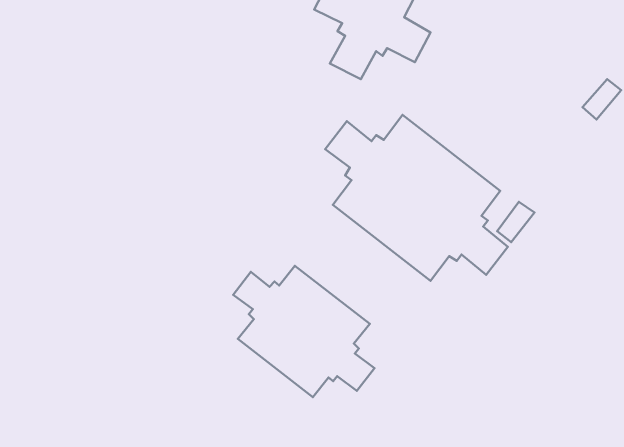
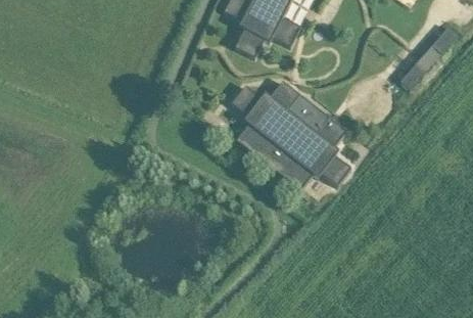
building: [233,266,374,397] -> none

